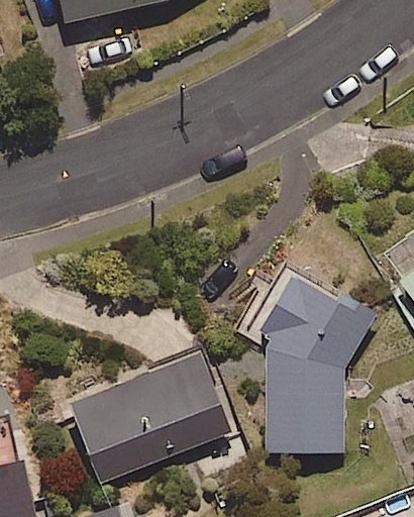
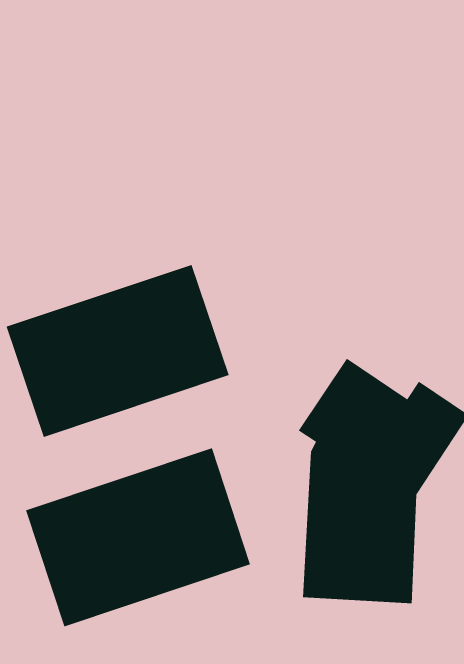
building: none -> [6,264,229,438]

